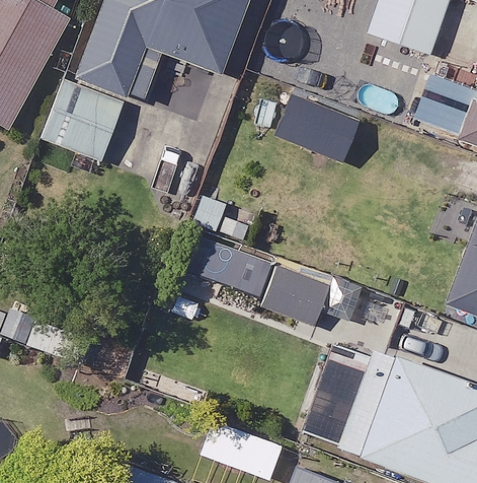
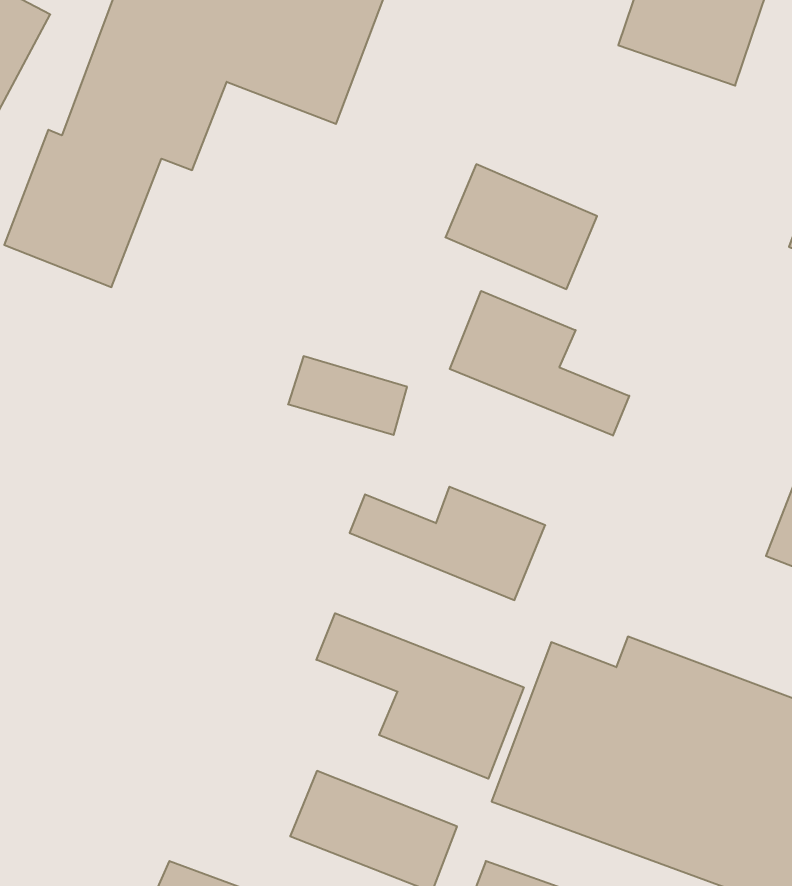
building: none -> [450,291,629,436]
building: none -> [316,613,524,779]

